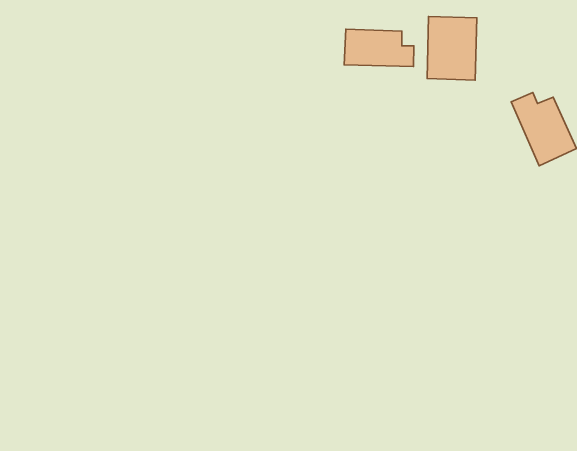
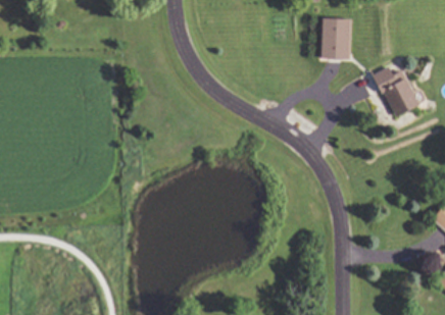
building: [344,29,414,66] -> none

